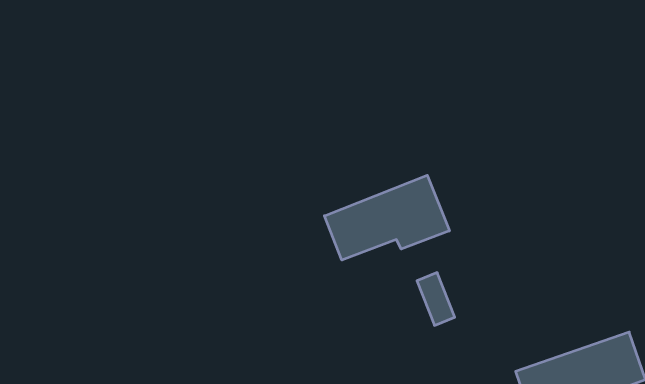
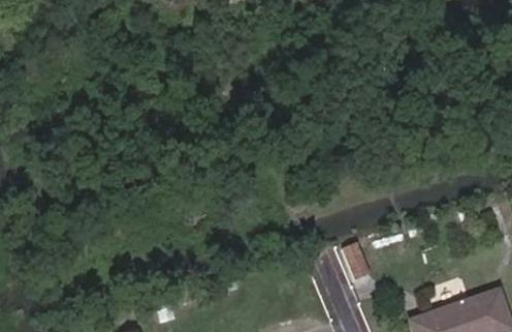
building: [324,175,449,260] -> none

